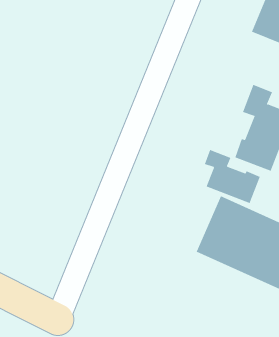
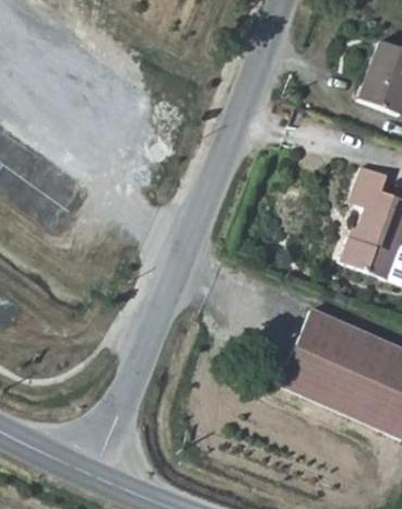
building: [204,149,260,204] -> none

